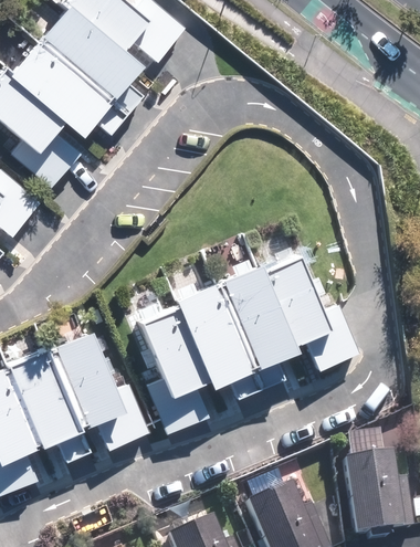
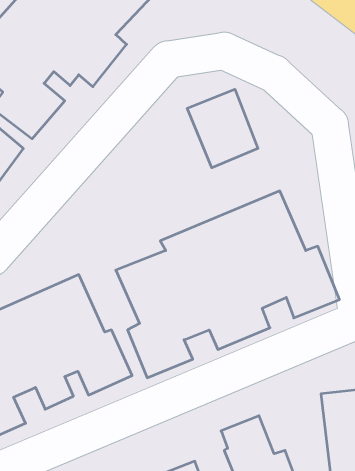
building: none -> [187,89,258,168]

